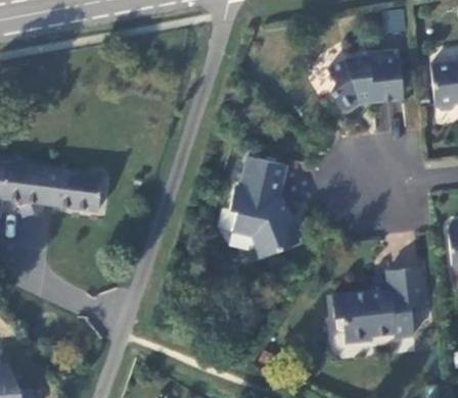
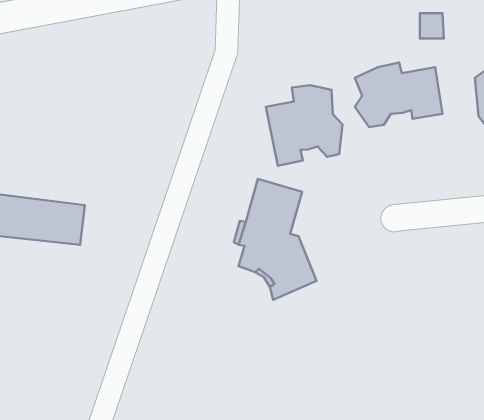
building: none -> [266,85,342,166]
building: [331,267,423,339] -> none

